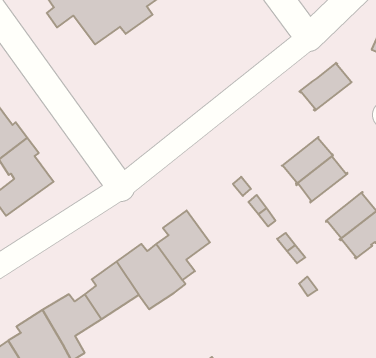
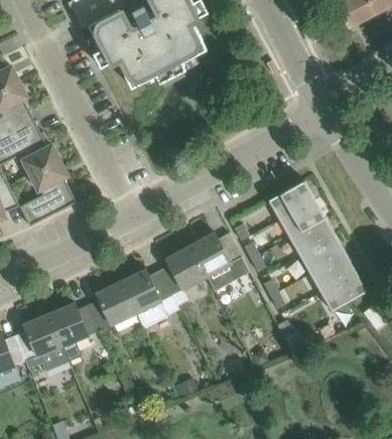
building: [299,63,352,111] -> [267,180,314,220]
building: none -> [298,236,345,274]
building: none -> [188,233,248,292]

